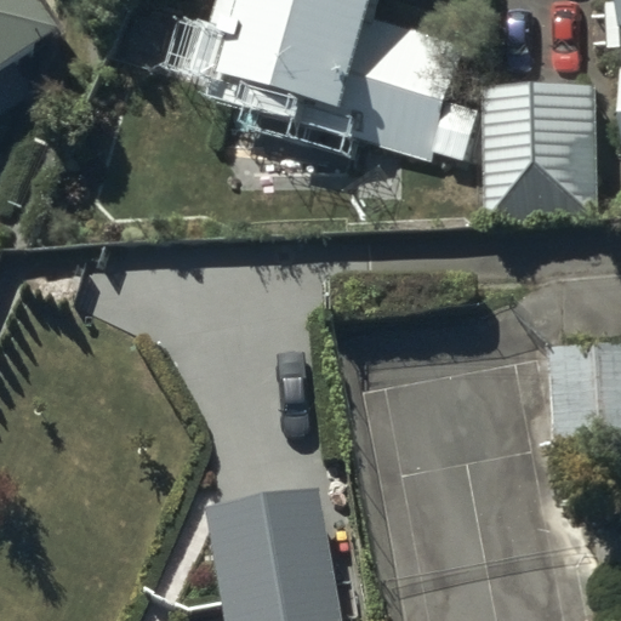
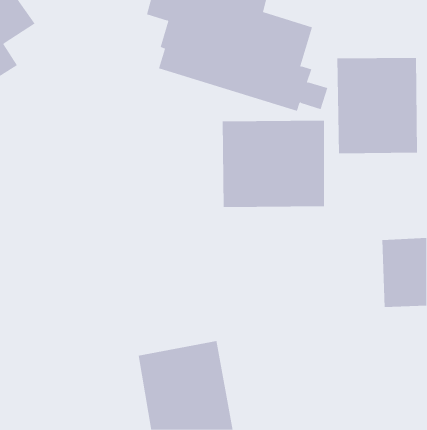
building: none -> [222,120,325,208]

